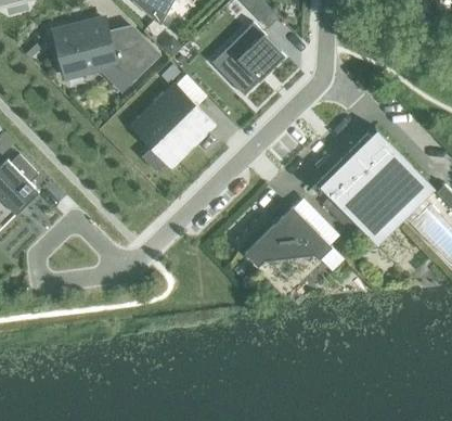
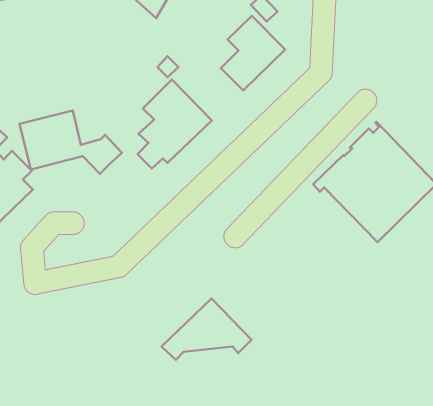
building: [54,17,154,79] -> [20,110,122,174]
building: [244,206,332,266] -> [161,299,251,360]

